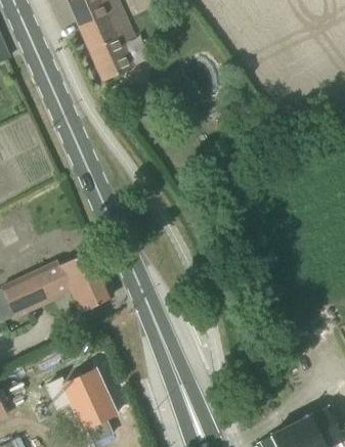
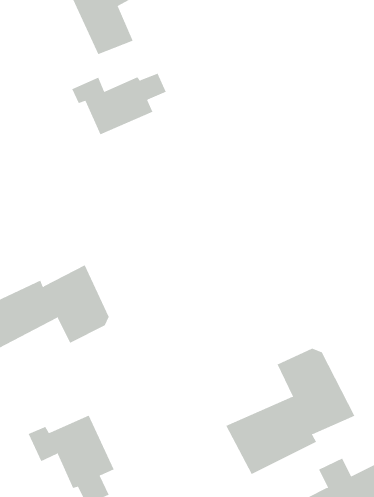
building: none -> [71,73,167,135]
building: none -> [225,348,355,475]

